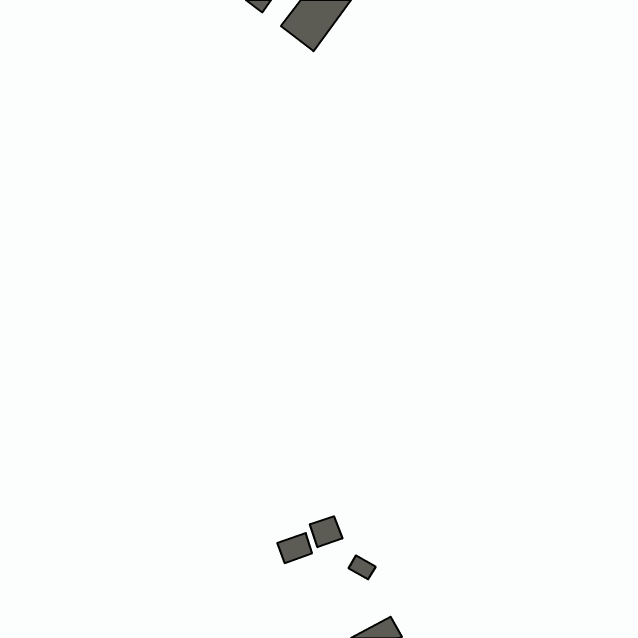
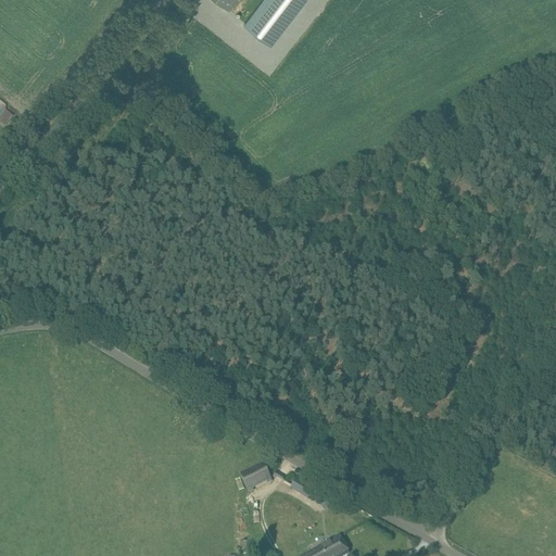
building: [310,516,342,547] -> none

